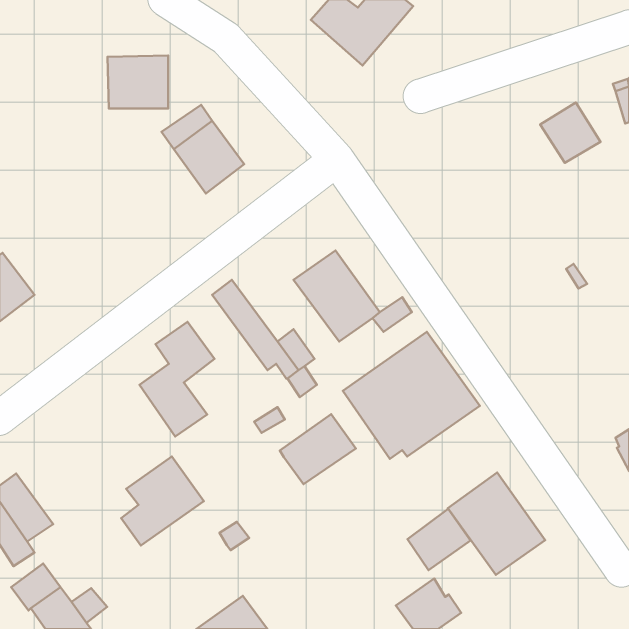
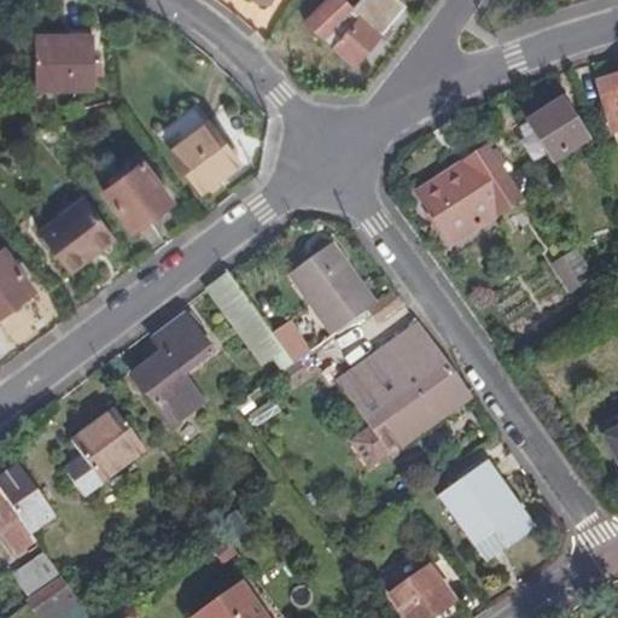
building: [108,56,168,109] -> [35,37,94,89]
building: none -> [420,146,521,240]
building: none -> [105,161,168,229]
building: none -> [41,196,115,267]
building: [280,414,356,484] -> none
building: [121,457,204,545] -> [62,407,142,494]
building: [407,509,471,570] -> none

